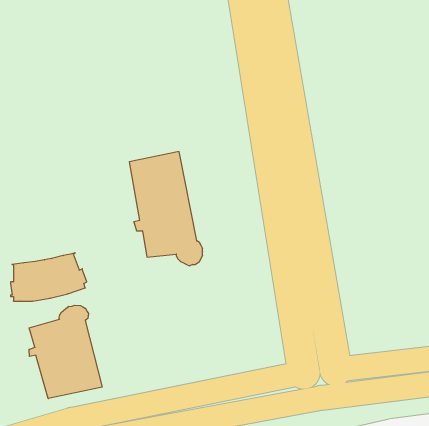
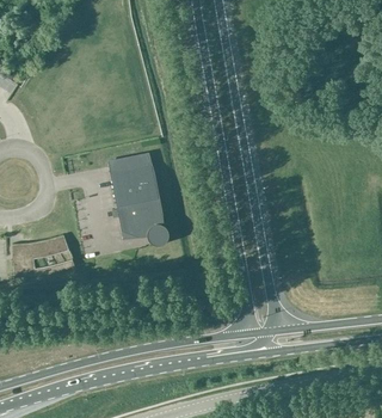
building: [29,305,102,399] -> none

